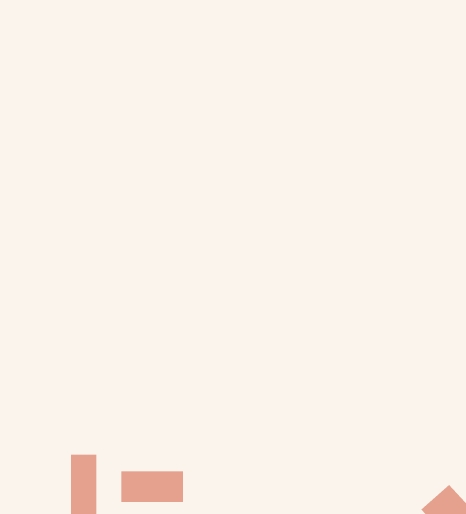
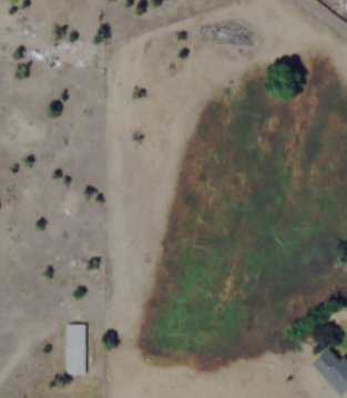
building: [121,471,184,503] -> none

